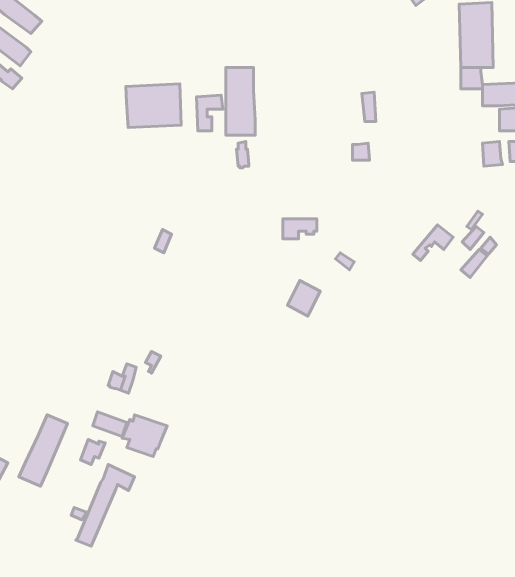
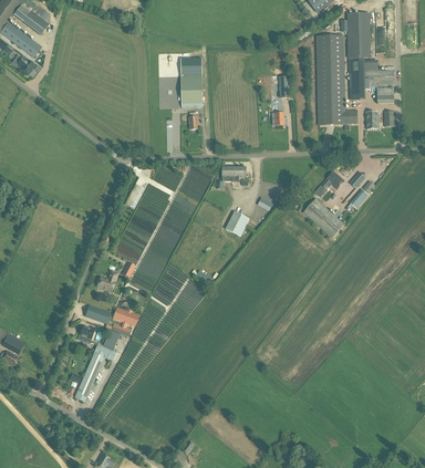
building: none -> [315,35,356,125]
building: [126,84,181,128] -> none
building: none -> [302,199,343,239]
building: [19,415,68,486] -> none

